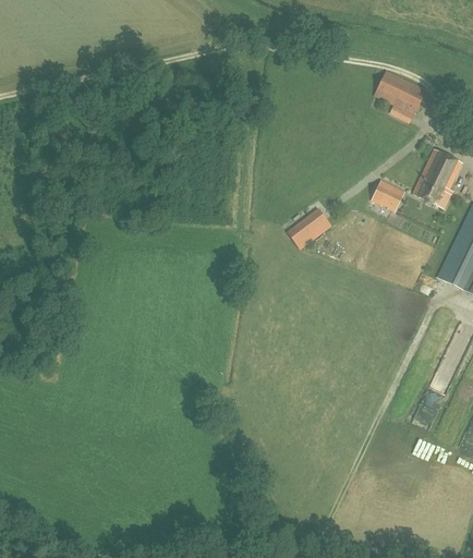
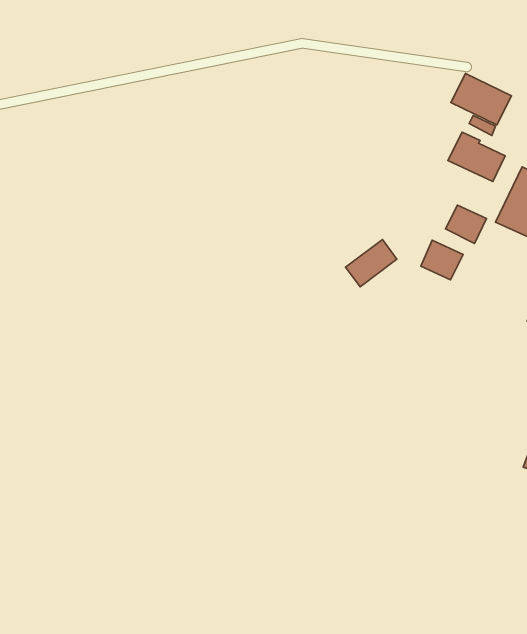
building: none -> [448,132,505,182]
building: none -> [421,240,463,280]

